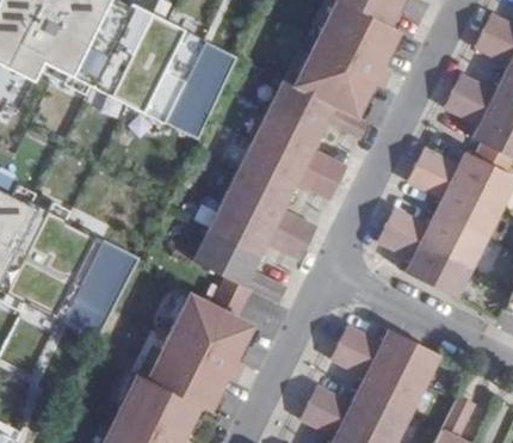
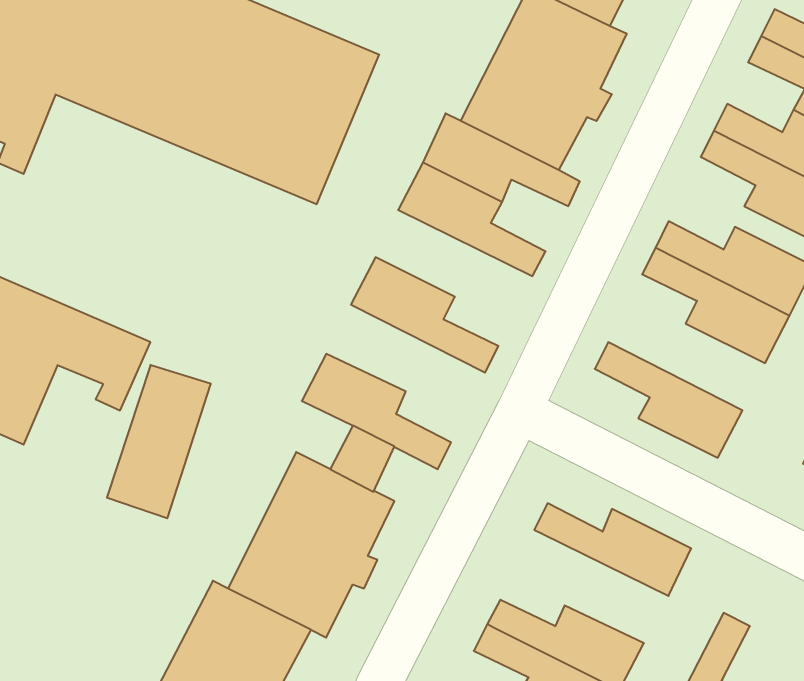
building: [239,141,338,199] -> none
building: [208,201,308,259] -> none
building: [385,209,484,267] -> none
building: [330,343,424,414] -> none

